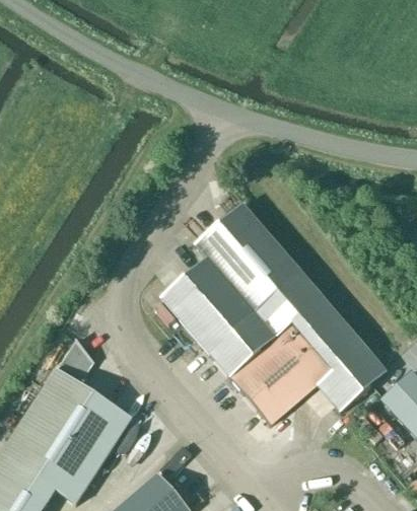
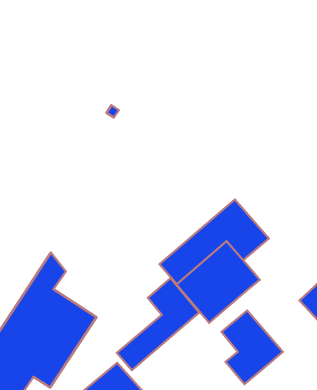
building: [160,204,301,353] -> none
building: [311,321,387,412] -> [221,310,283,384]
building: none -> [117,278,199,370]

